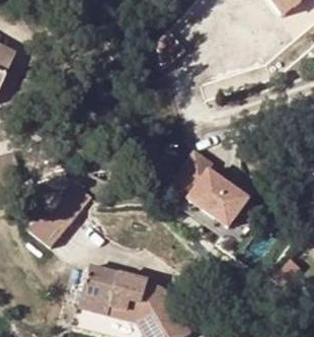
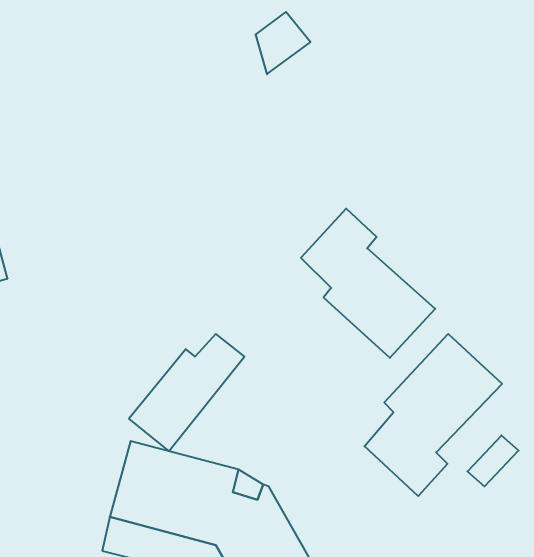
building: [31,183,93,246] -> [129,334,244,451]
building: none -> [364,334,502,496]

